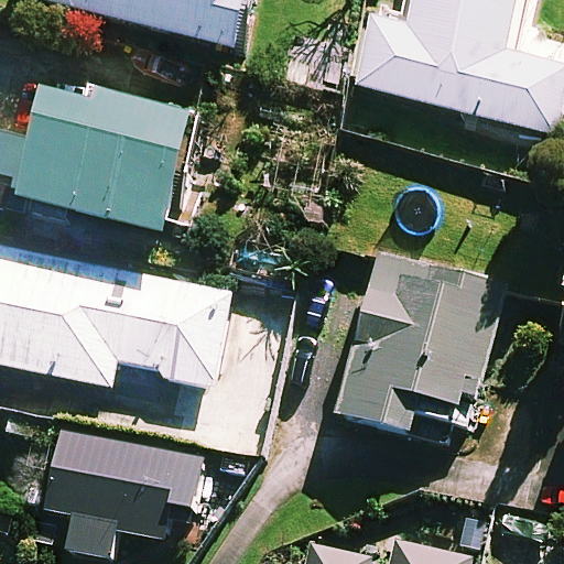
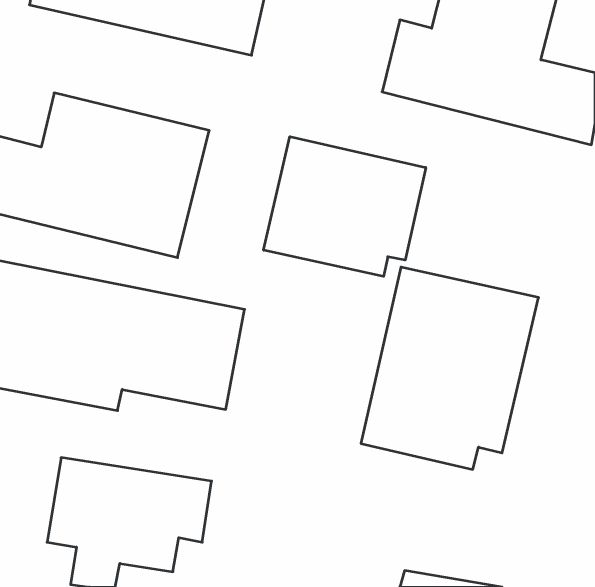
building: none -> [264,137,426,276]

